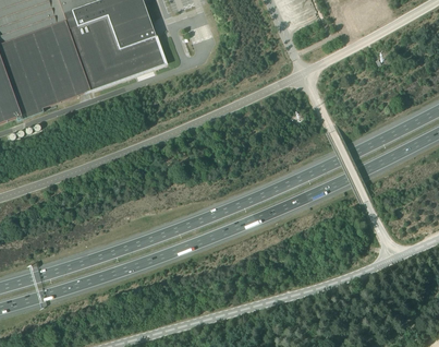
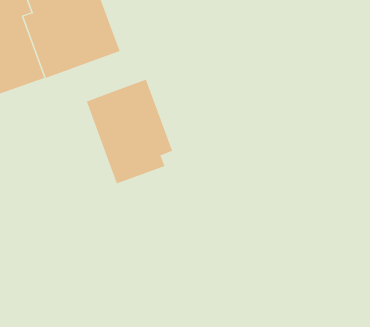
building: none -> [86,79,173,184]

